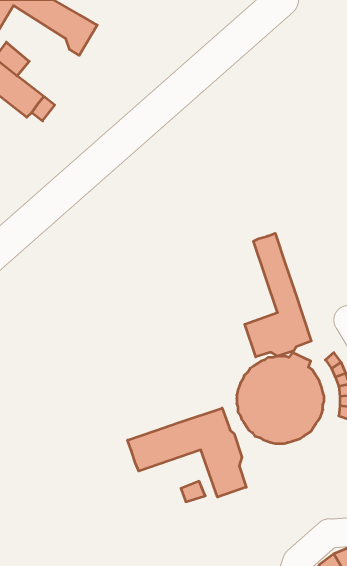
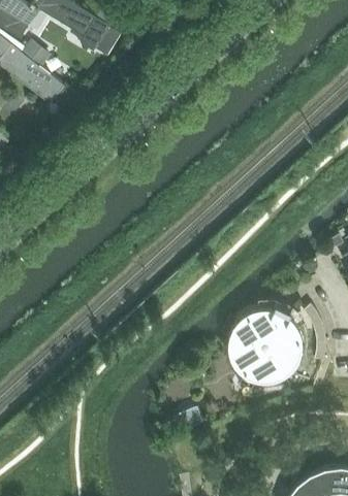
building: [245,233,311,357] -> none
building: [128,408,246,497] -> none

